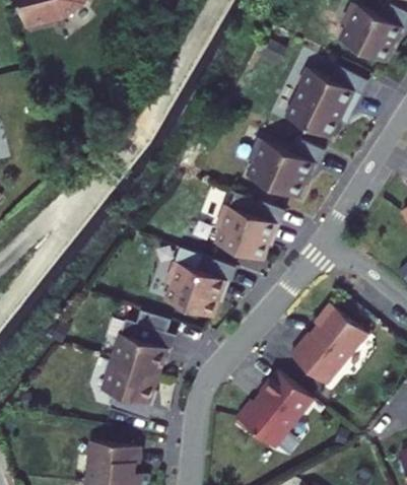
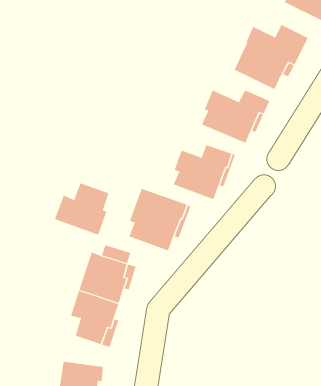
building: none -> [54,183,109,235]
building: [288,303,365,384] -> none
building: [234,370,311,447] -> none

